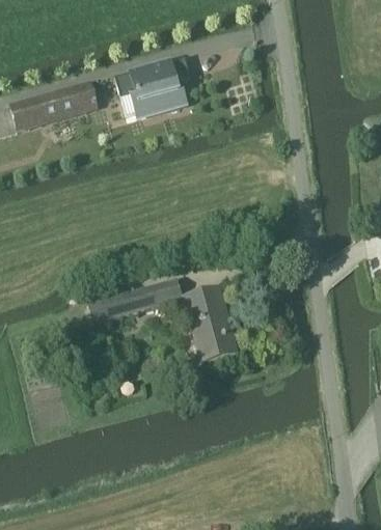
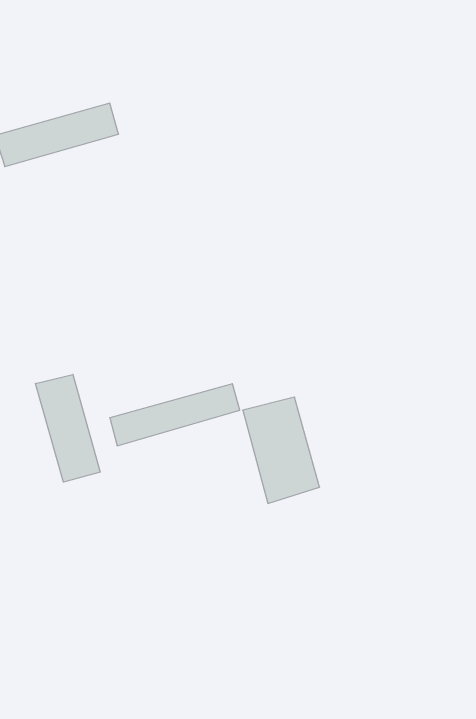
building: [114,56,190,110] -> none
building: none -> [36,374,100,482]

